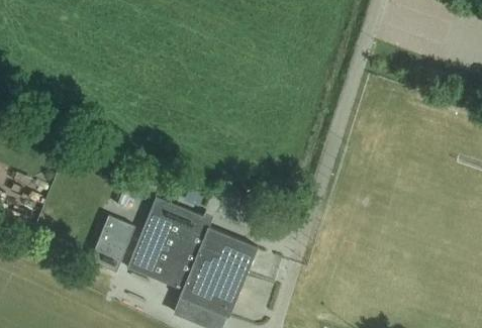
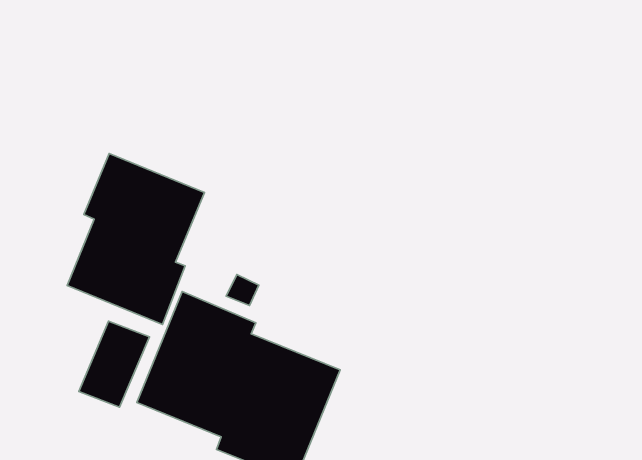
building: none -> [67,154,205,324]

